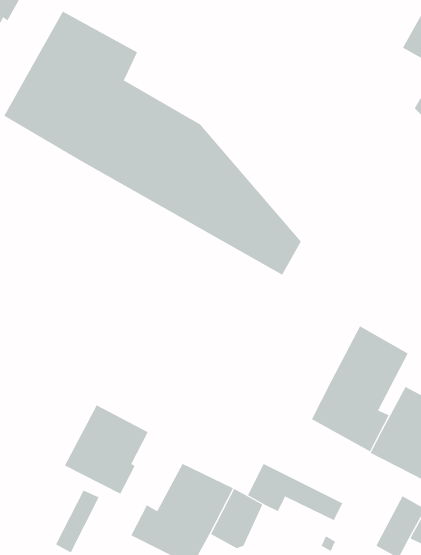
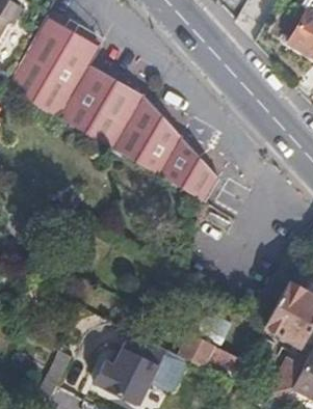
building: [311,326,408,452] -> none
building: [64,404,148,495] -> none

